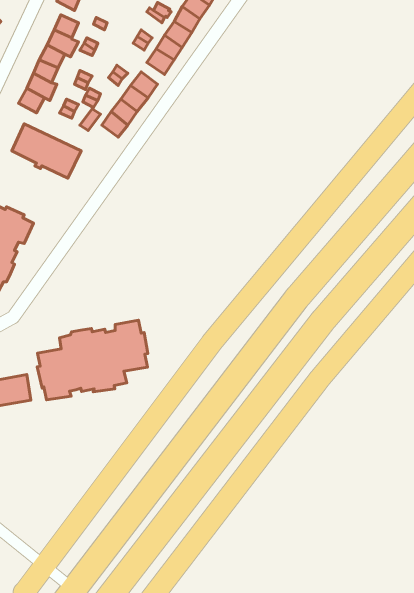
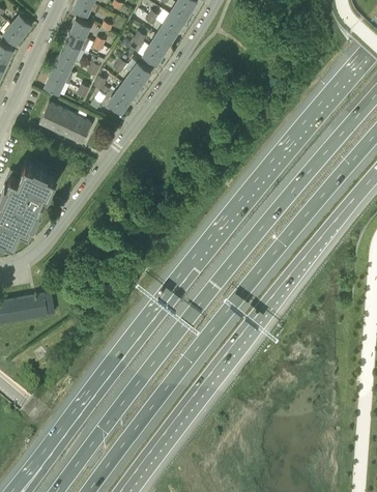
building: [37,320,148,400] -> none

